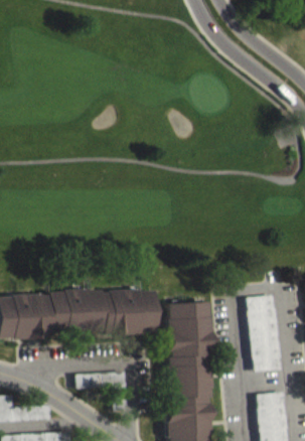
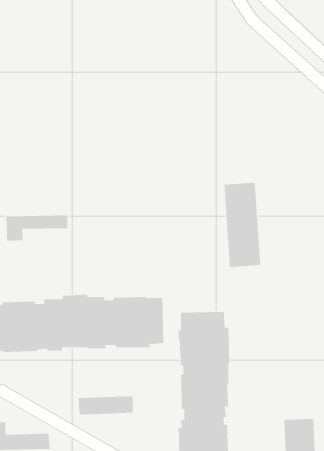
building: none -> [6,214,68,241]
building: [249,300,282,376] -> [224,182,261,268]

